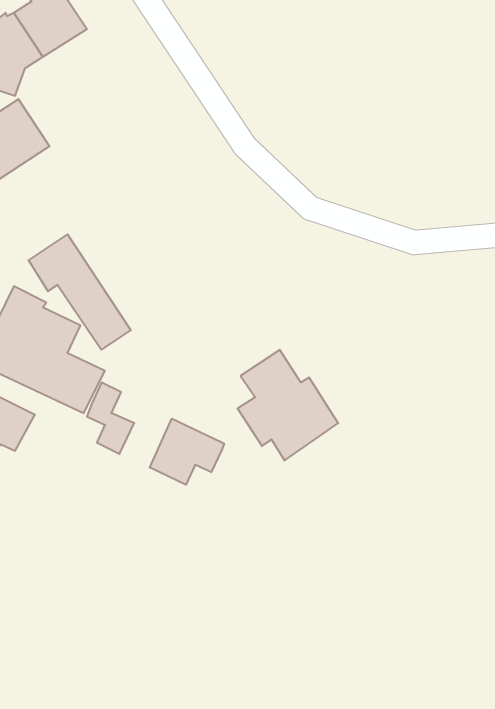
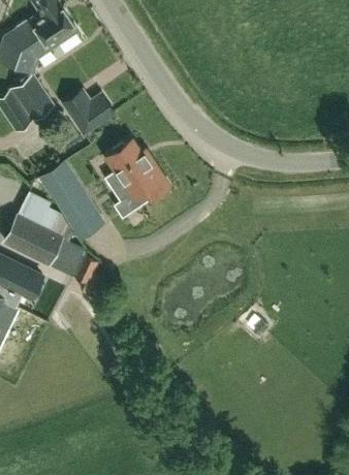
building: none -> [63,90,115,134]
building: [237,350,338,461] -> [104,140,168,211]
building: [150,419,224,485] -> none

